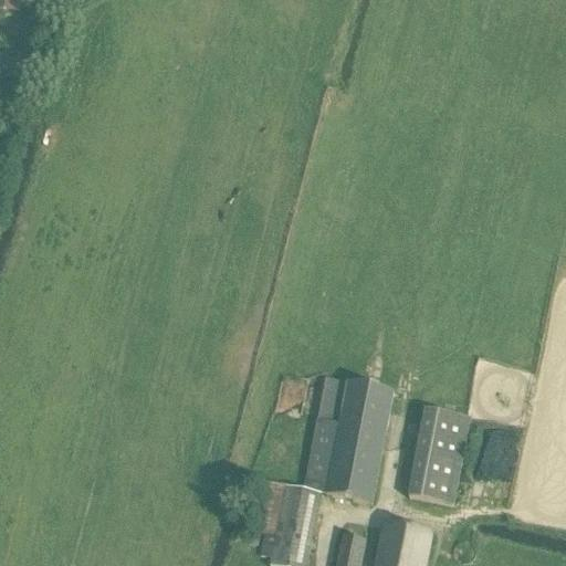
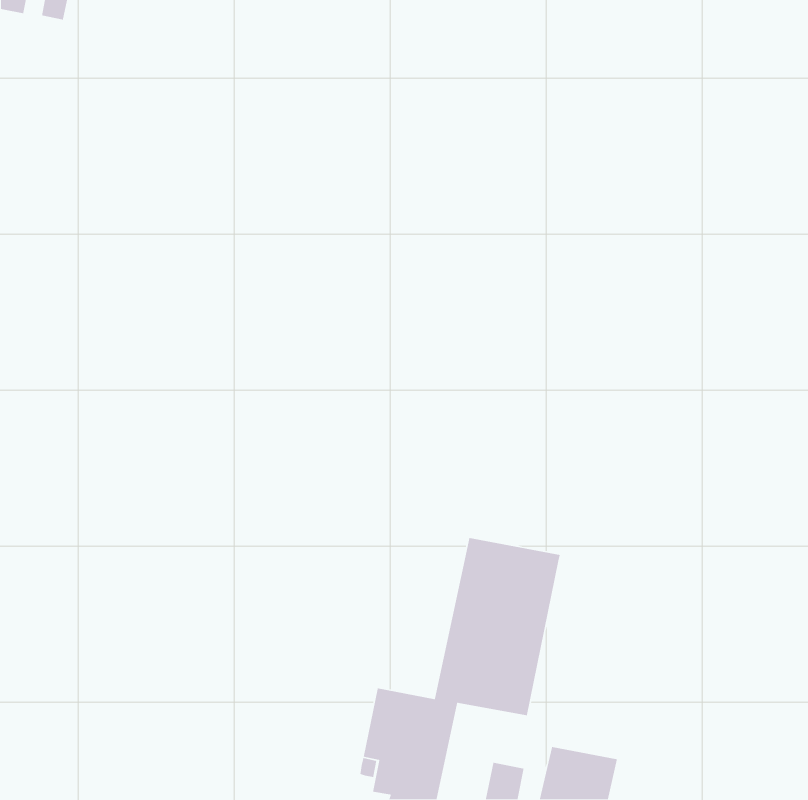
building: [407,406,469,503] -> none

